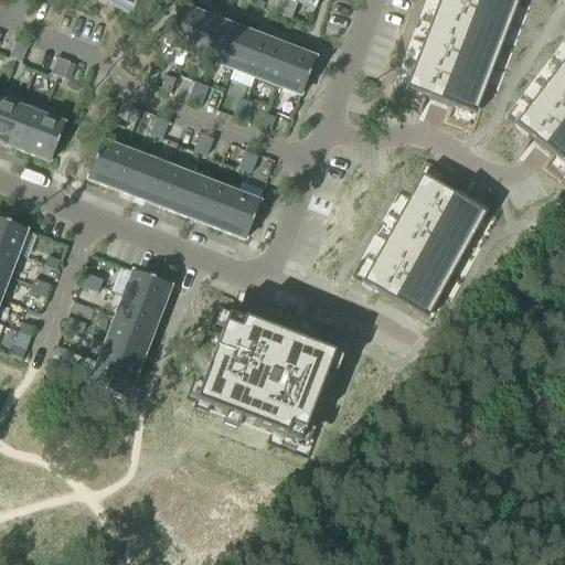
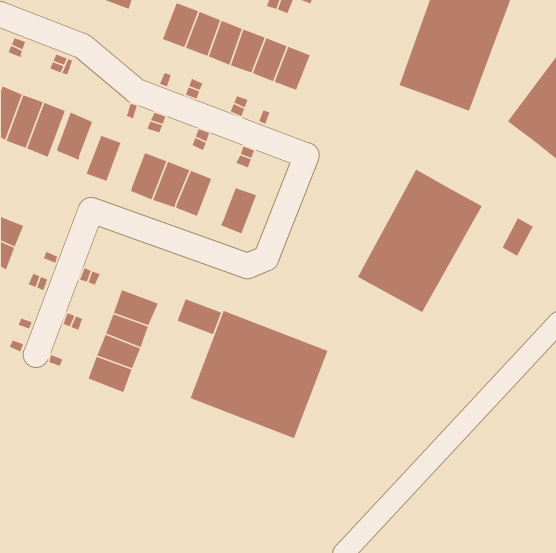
building: [111,143,149,193] -> [56,112,93,161]
building: [202,180,241,227] -> none
building: none -> [501,217,534,257]
building: [126,268,172,306] -> [176,298,222,335]

